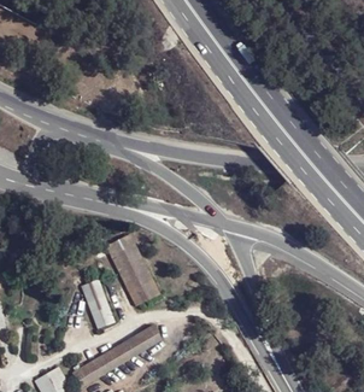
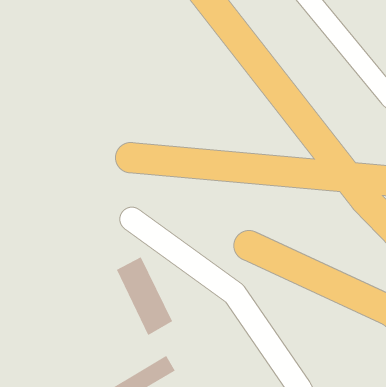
building: [81,277,113,327] -> none

